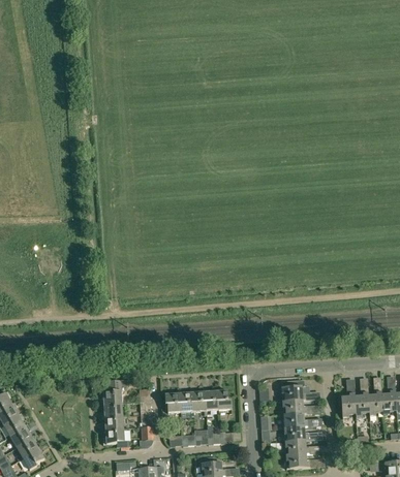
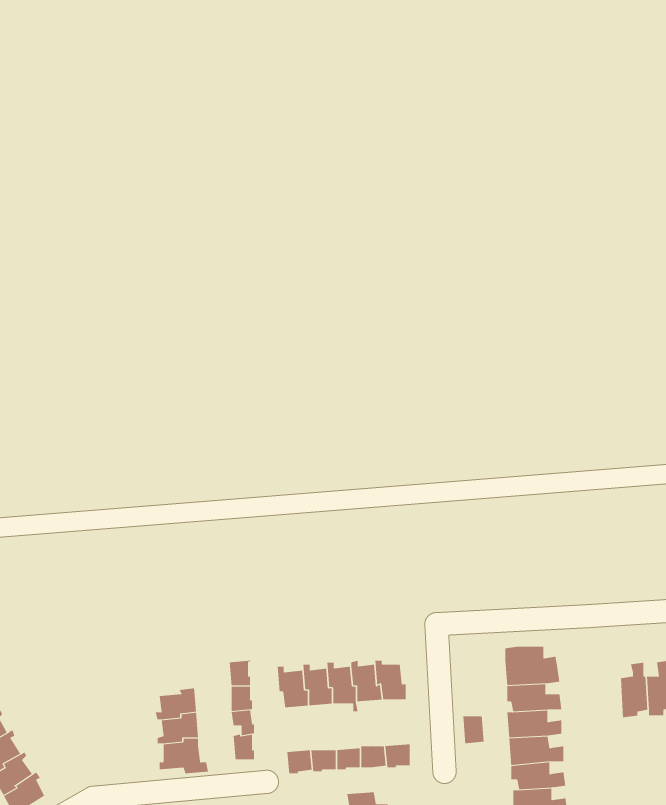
building: [101,379,127,407] -> none

